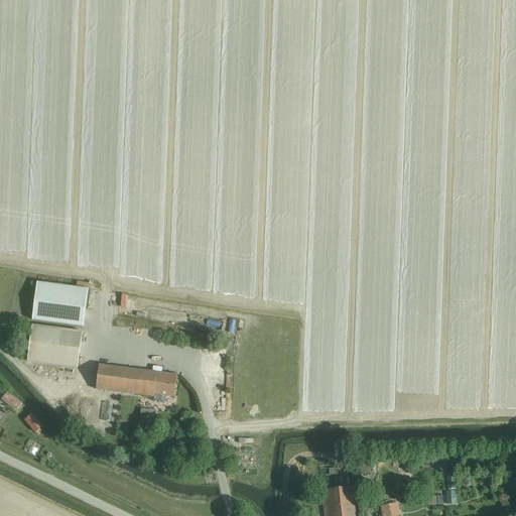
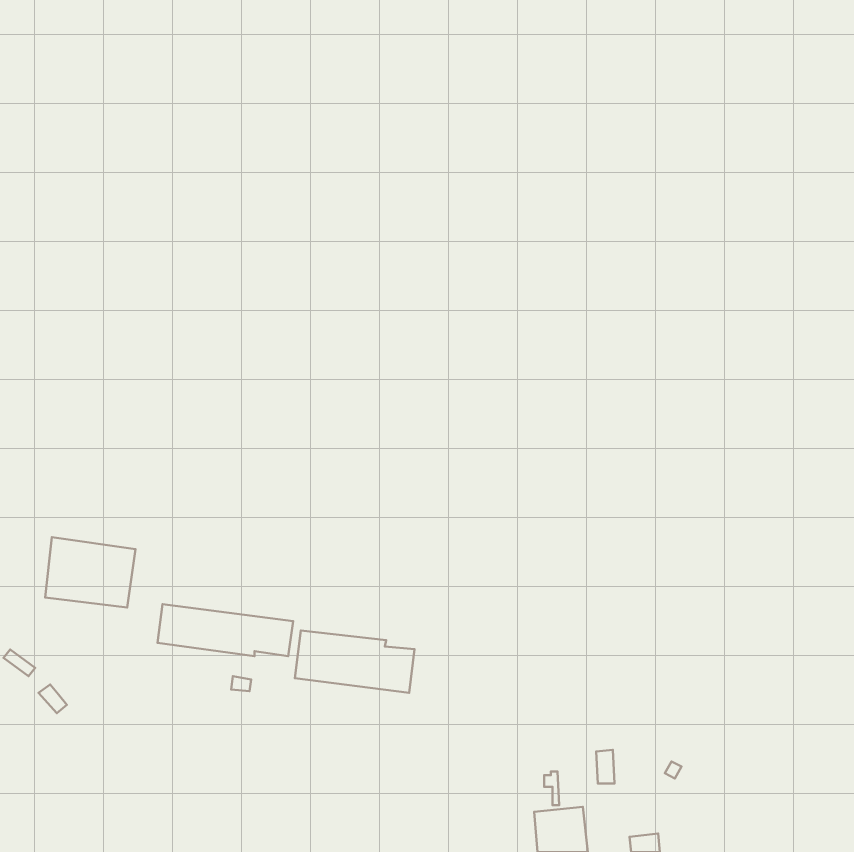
building: [31,282,87,325] -> none
building: none -> [295,631,414,693]

